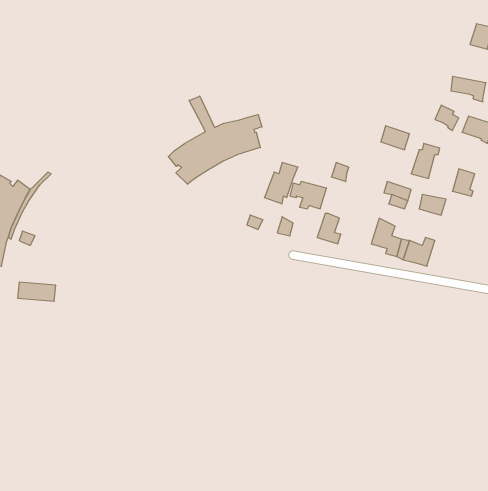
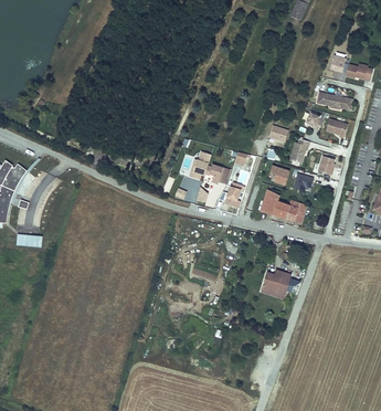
building: [168,96,262,184] -> none
building: none -> [258,270,289,298]

